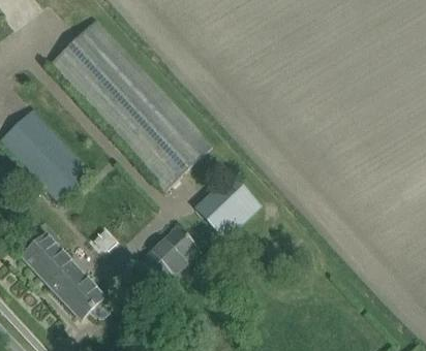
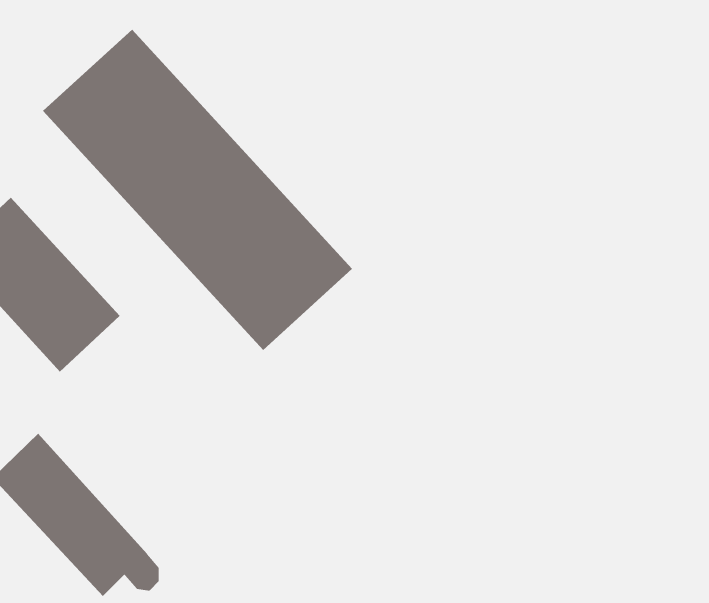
building: [195,173,262,240] -> none
building: [136,225,202,289] -> none

